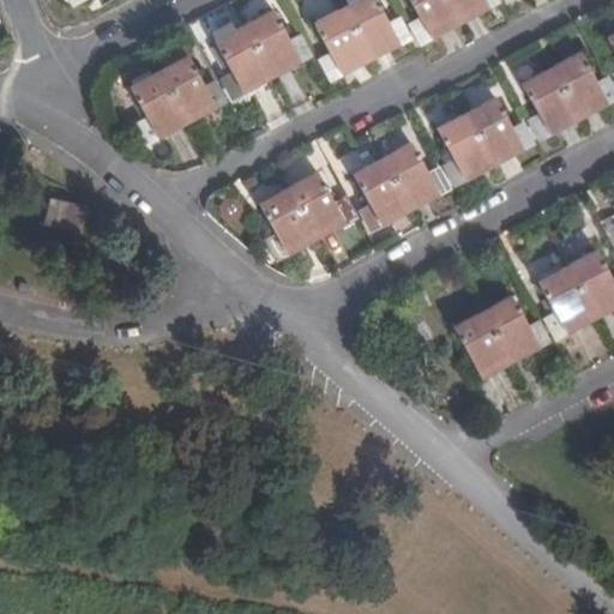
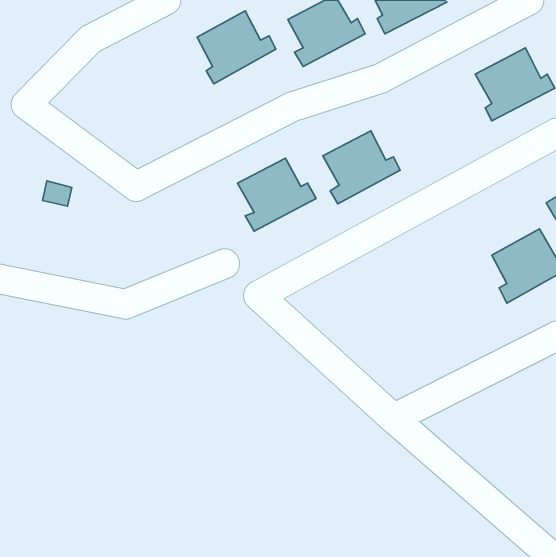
building: [132,58,219,139] -> none
building: [440,100,526,179] -> none
building: [457,296,544,377] -> none

